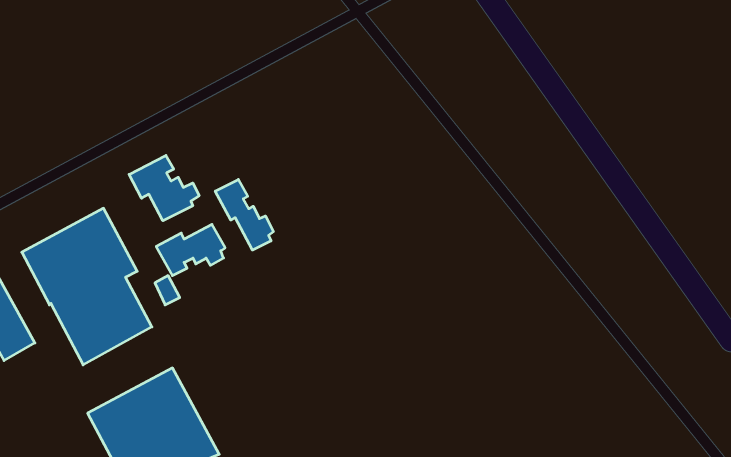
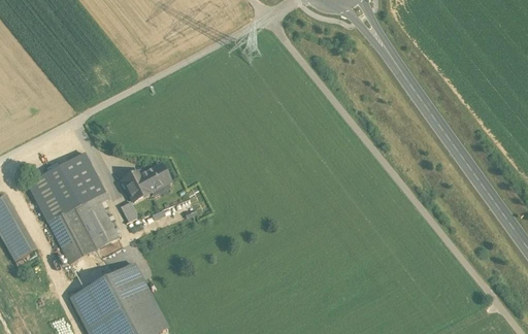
building: [129,155,199,221] -> none
building: [215,179,273,250] -> none

